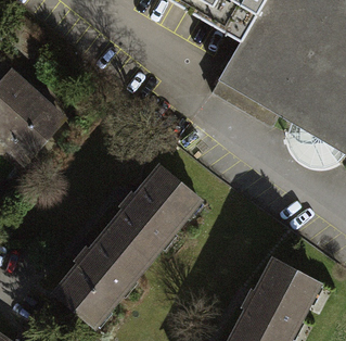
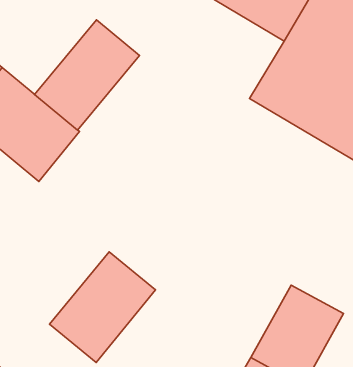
building: none -> [35,20,140,130]
building: [103,169,196,266] -> none

